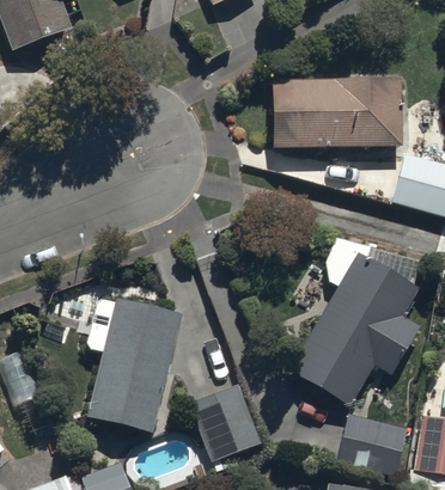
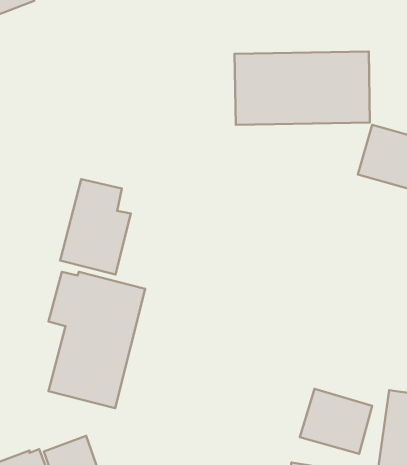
building: none -> [60,179,131,274]
building: [294,256,425,408] -> none
building: [189,381,263,460] -> none

